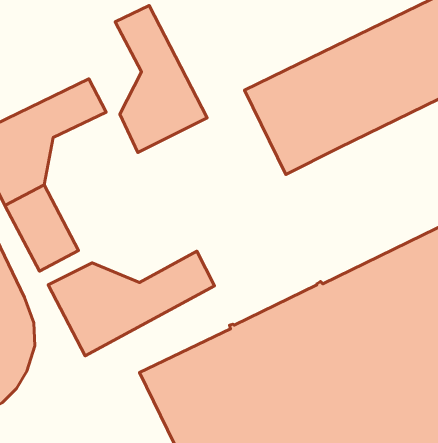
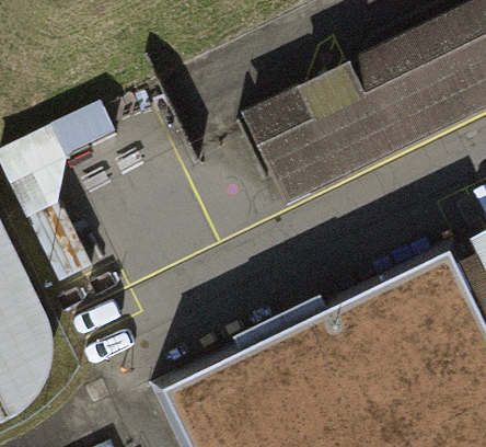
building: [115,5,207,153] -> none
building: [48,251,215,356] -> none

